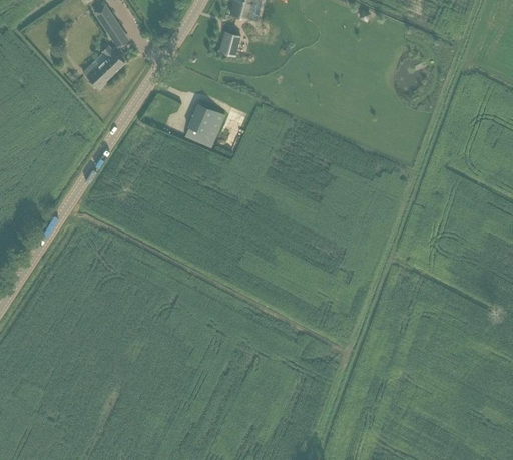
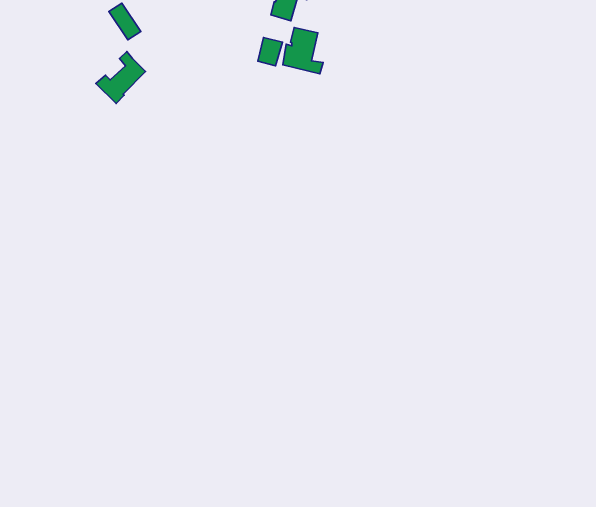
building: none -> [283,28,323,74]
building: [185,103,225,148] -> none

